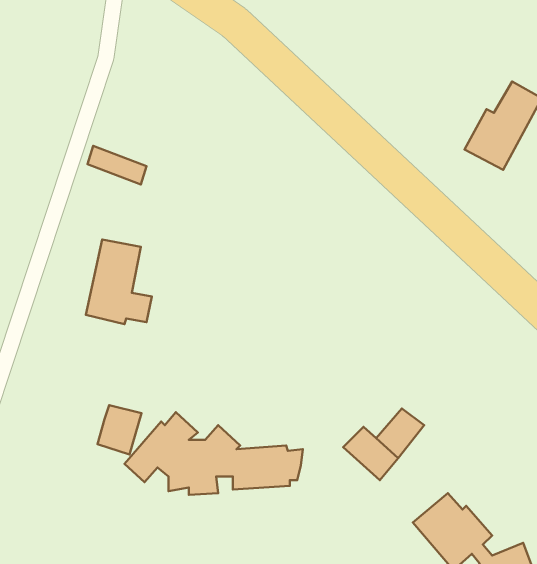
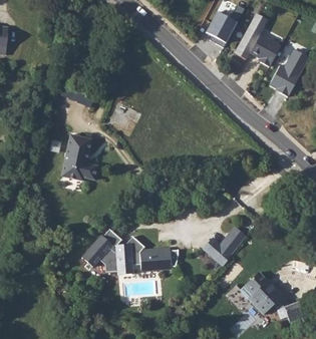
building: none -> [206,9,239,42]
building: none -> [234,12,282,66]
building: [98,405,141,455] -> none

